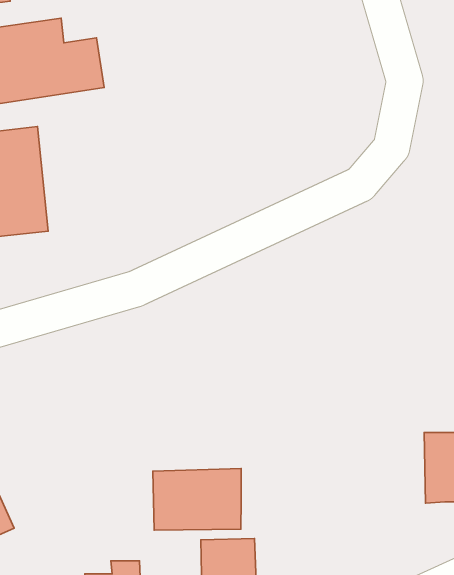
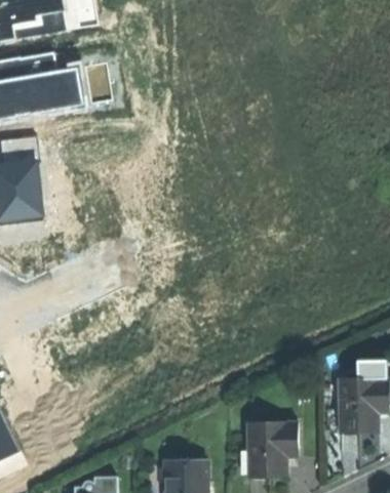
building: [153,469,241,530] -> none
building: none -> [247,421,297,476]

